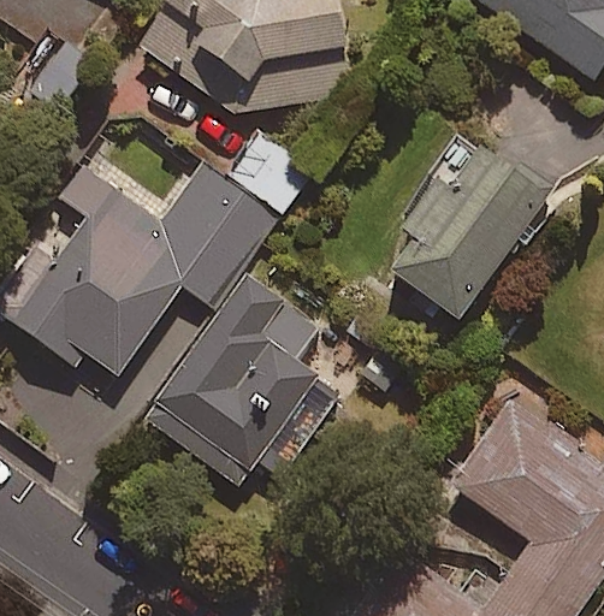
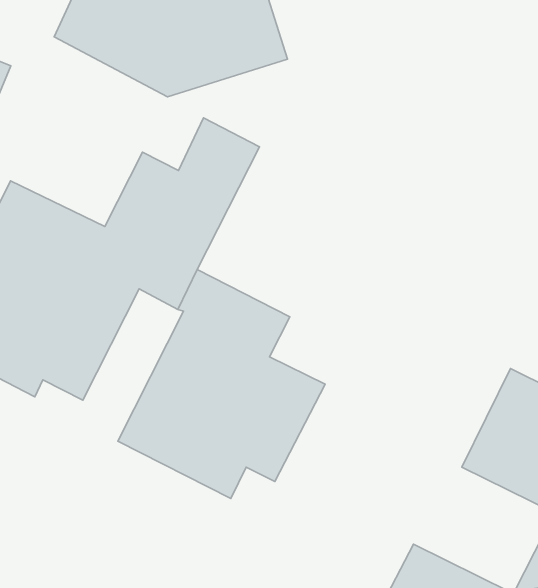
building: [379,138,549,321] -> none

